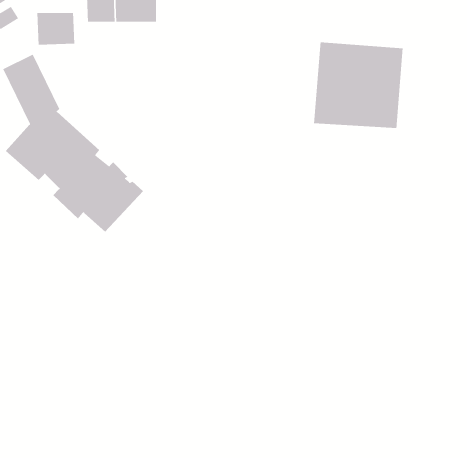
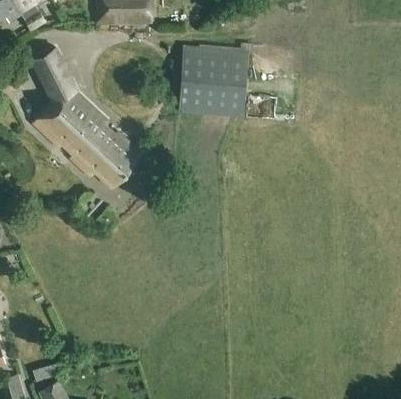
building: [37,12,75,45] -> none
building: [313,41,403,129] -> [179,49,249,117]

